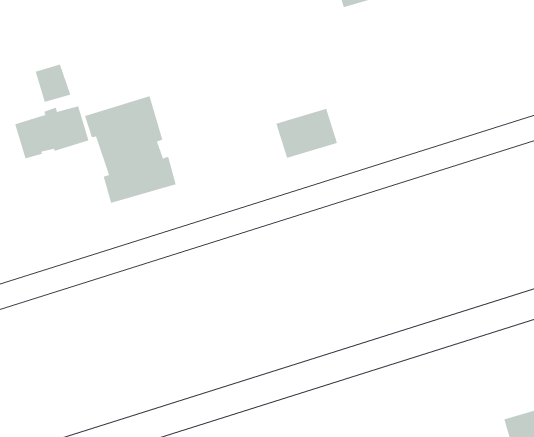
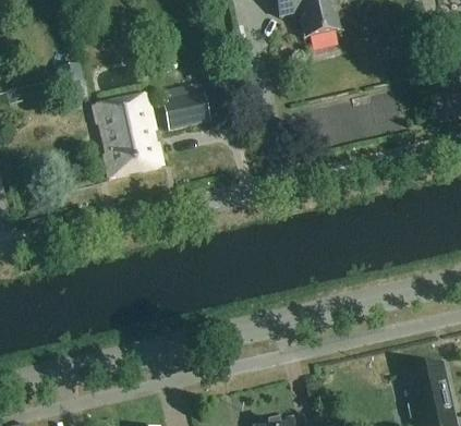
building: [14,106,89,159] -> none
building: [275,108,338,159] -> [162,90,210,127]

